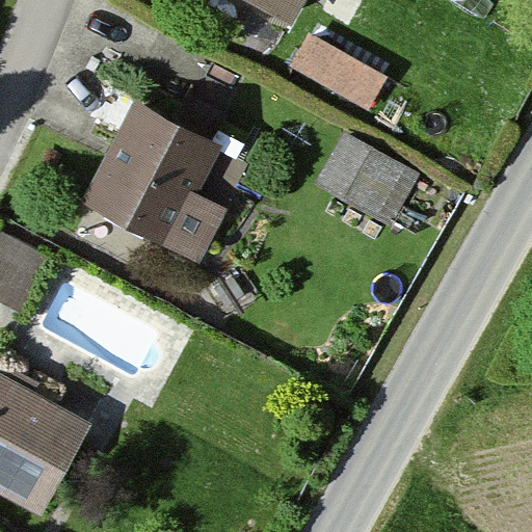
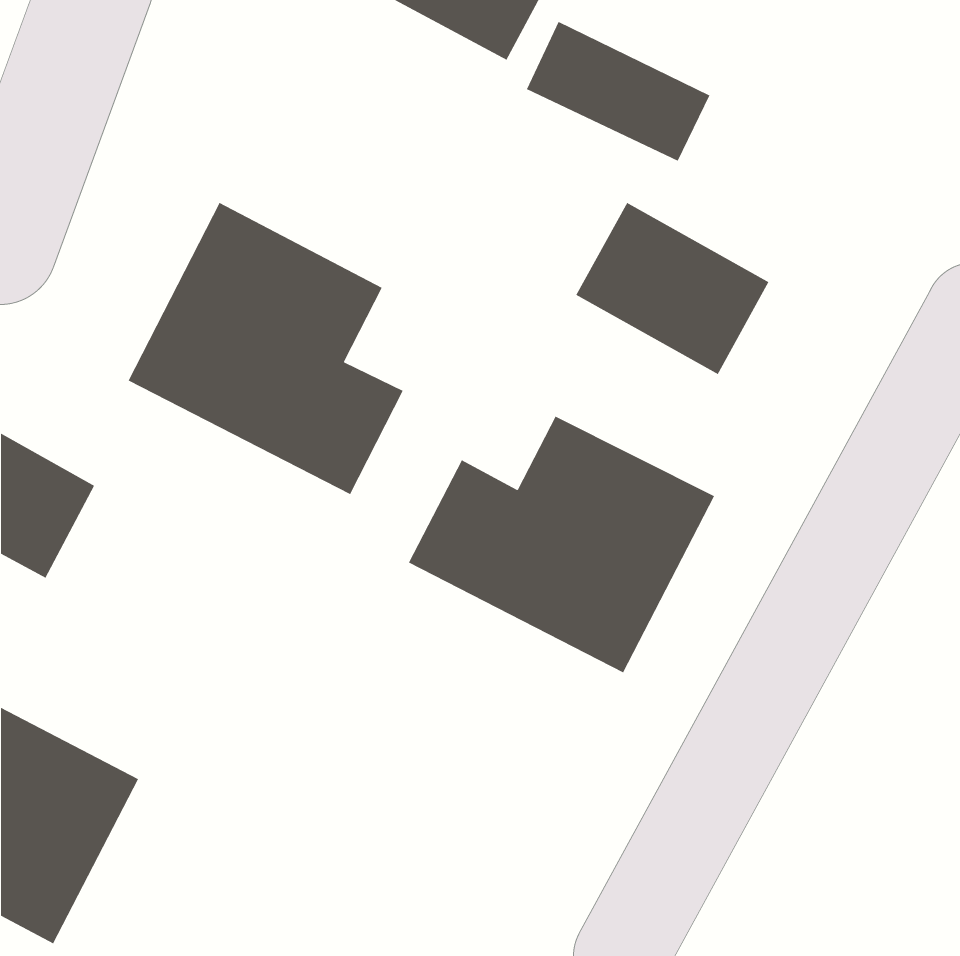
building: none -> [408,416,715,673]

